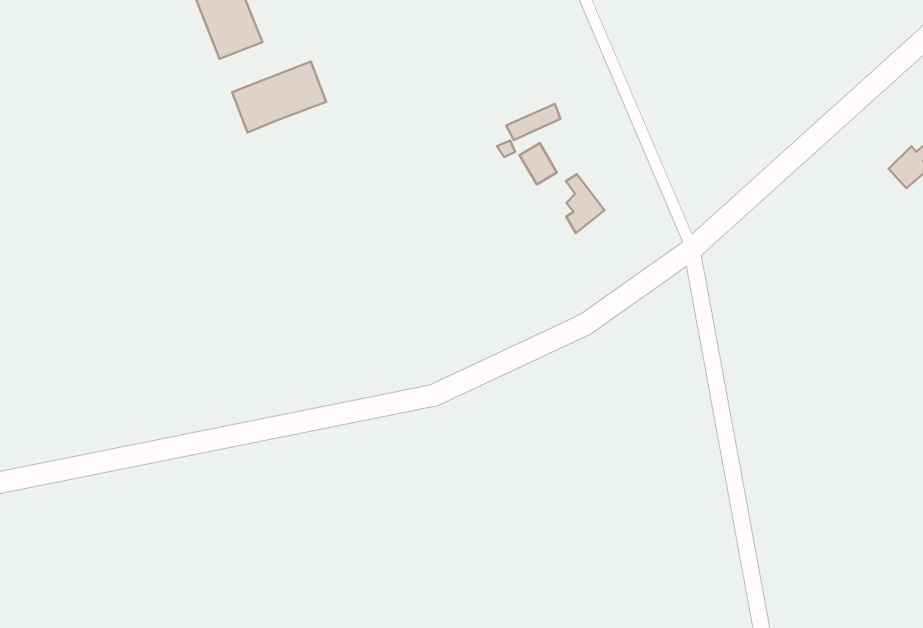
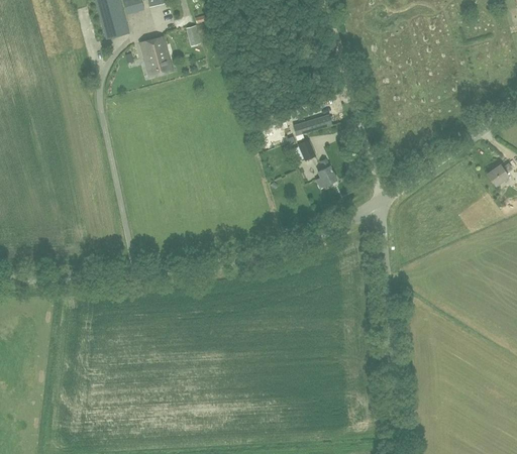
building: [232,62,326,132] -> none

